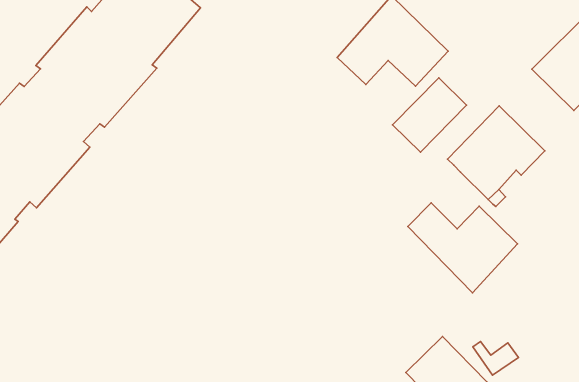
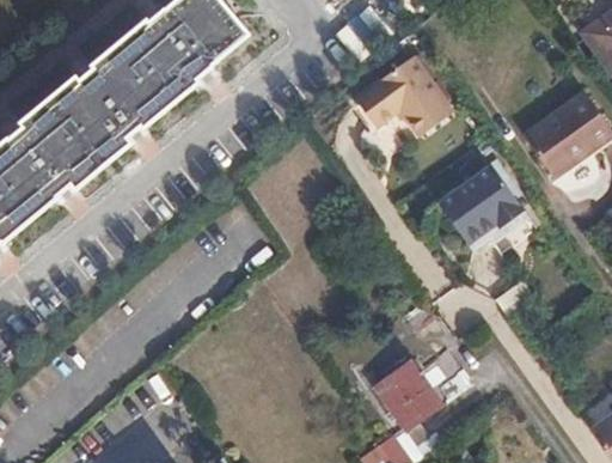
building: [393,78,467,152] -> none
building: [408,203,518,293] -> none

